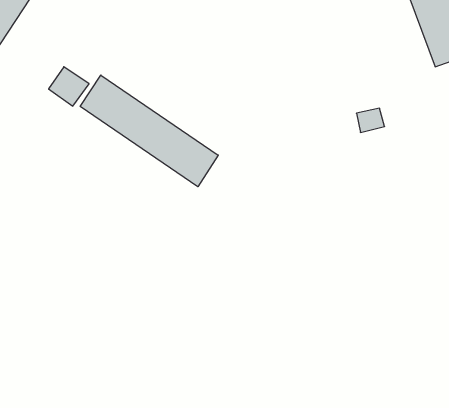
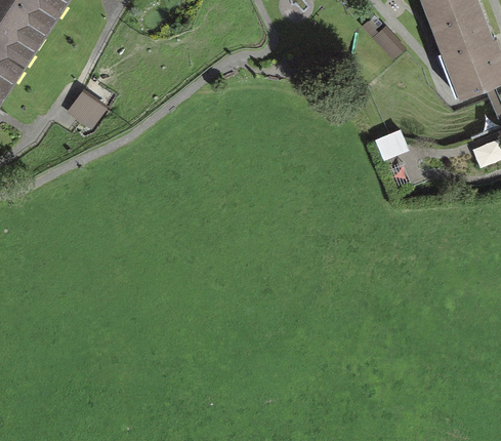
building: [80,75,218,187] -> none

